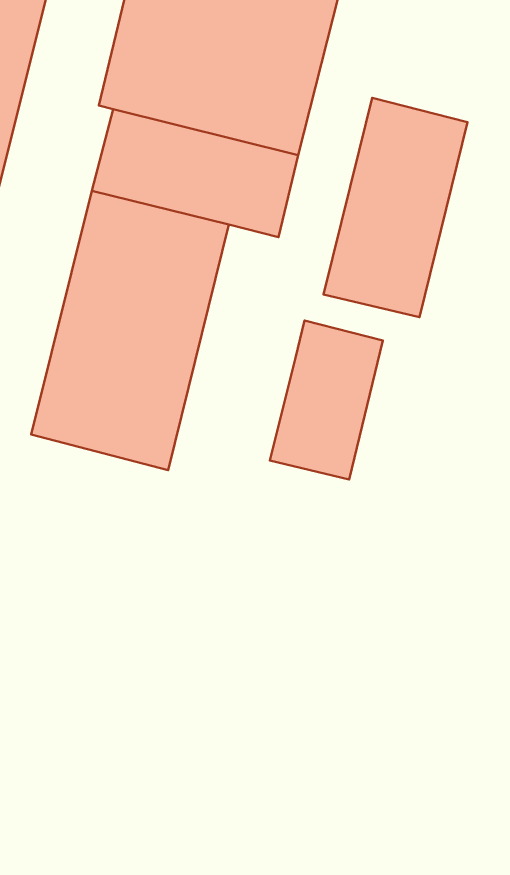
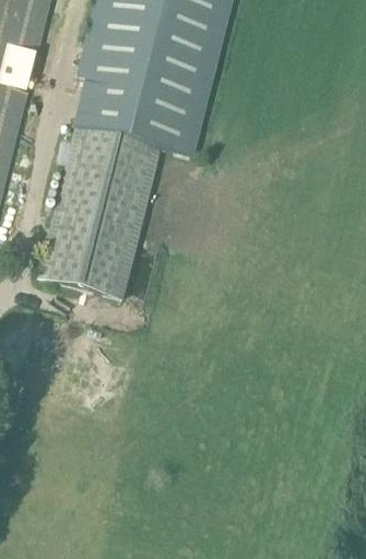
building: [323,98,467,317] -> none
building: [270,321,383,479] -> none

